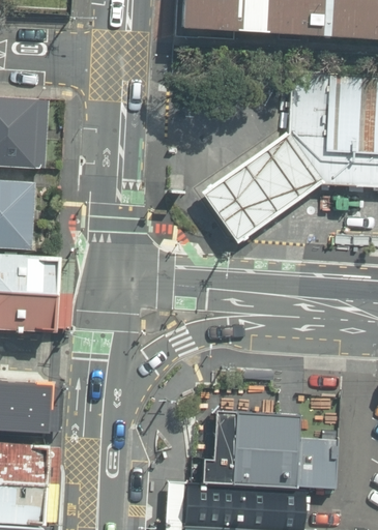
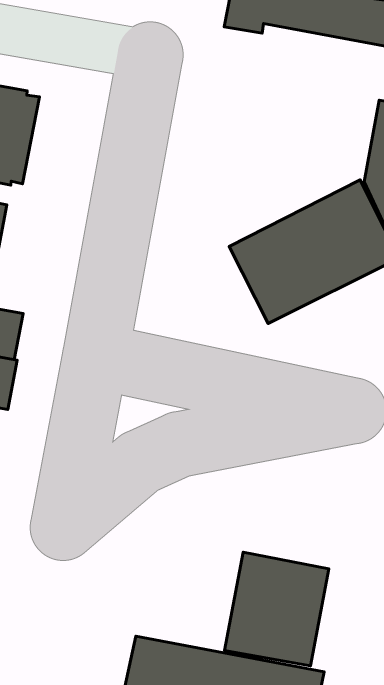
building: [202,410,237,483] -> none
building: [298,438,336,487] -> none

